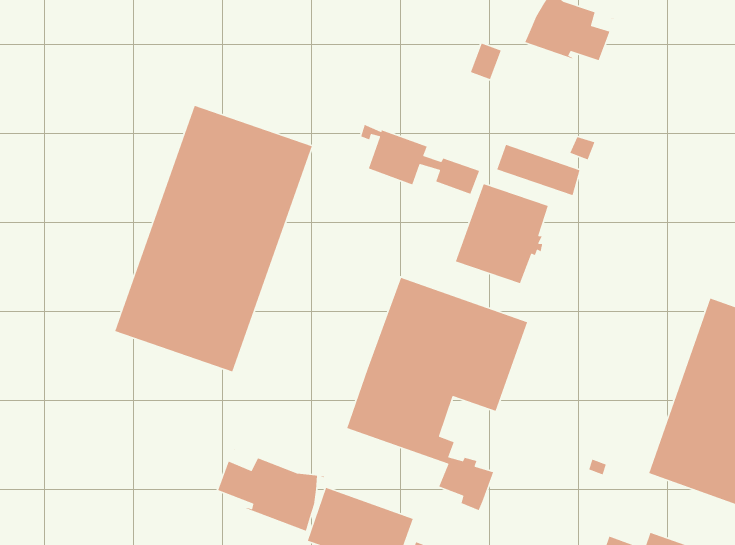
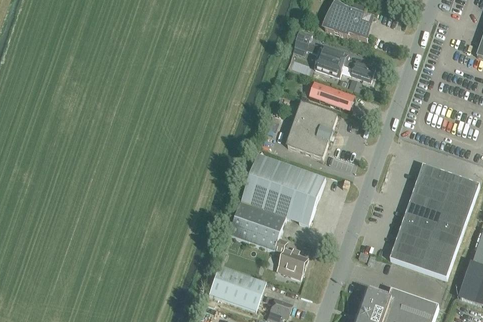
building: [114,105,313,372] -> none
building: [360,124,480,195] -> [311,41,375,79]
building: [217,448,325,532] -> none

